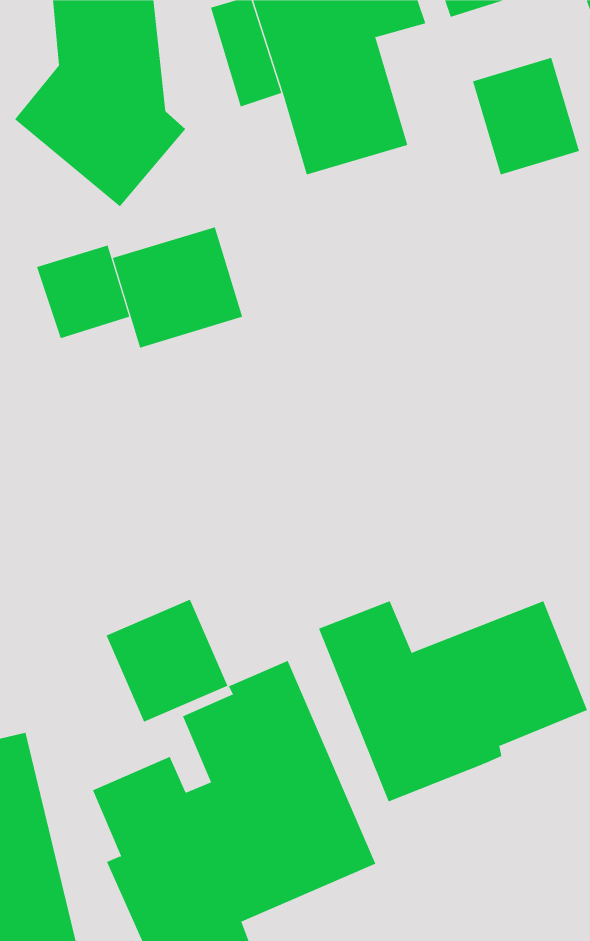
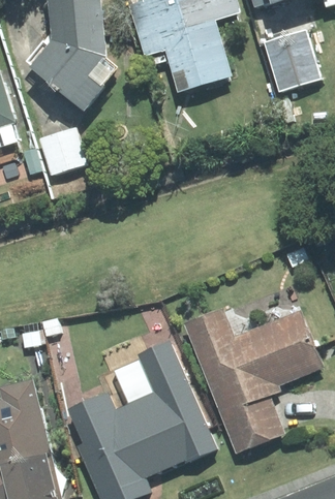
building: [112,226,243,349] -> none
building: [106,599,228,723] -> none
building: none -> [220,396,285,454]

